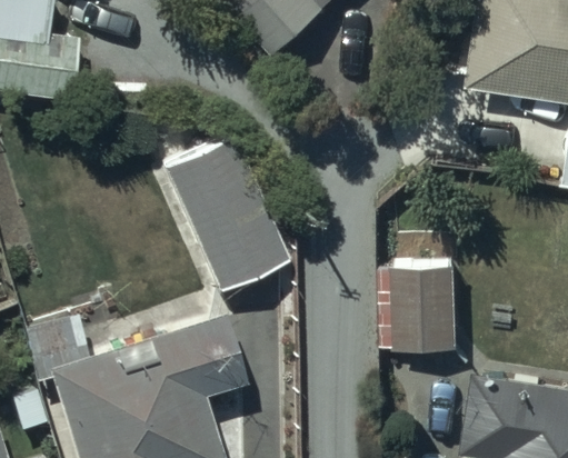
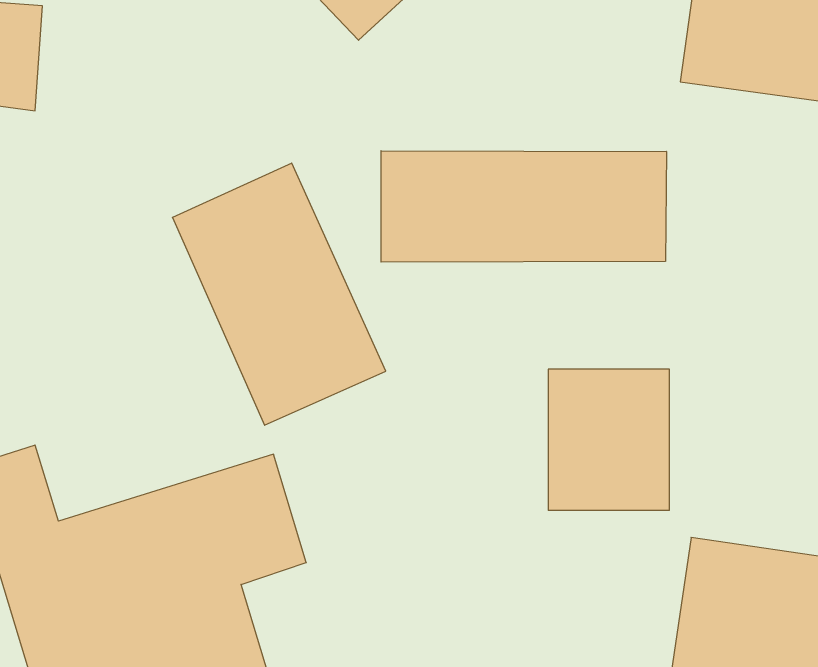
building: none -> [381,151,666,262]

